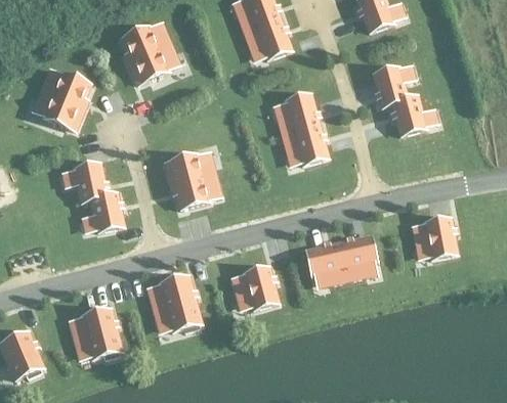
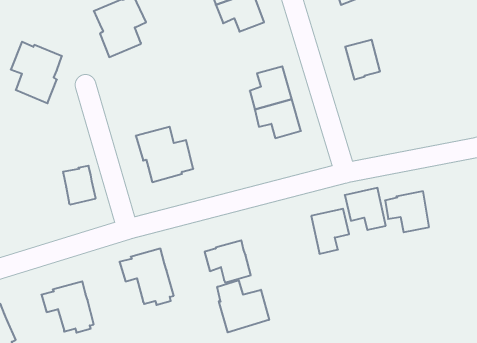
building: [391,94,425,134] -> none
building: [74,162,107,200] -> none
building: [305,241,346,283] -> [345,188,386,230]
building: none -> [217,280,269,332]

